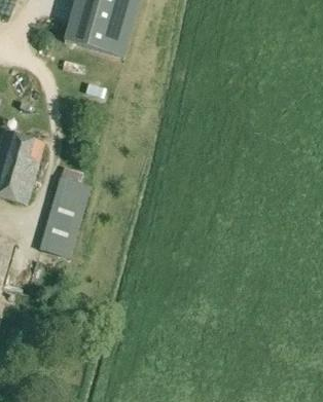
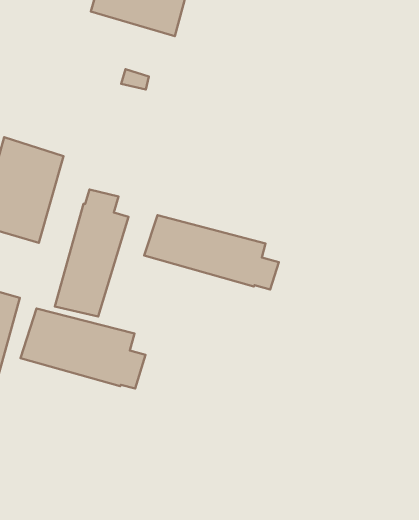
building: none -> [144,215,279,289]
building: none -> [20,308,145,388]

